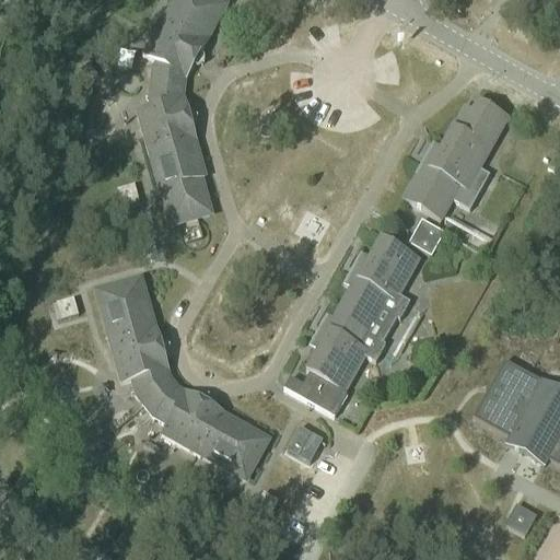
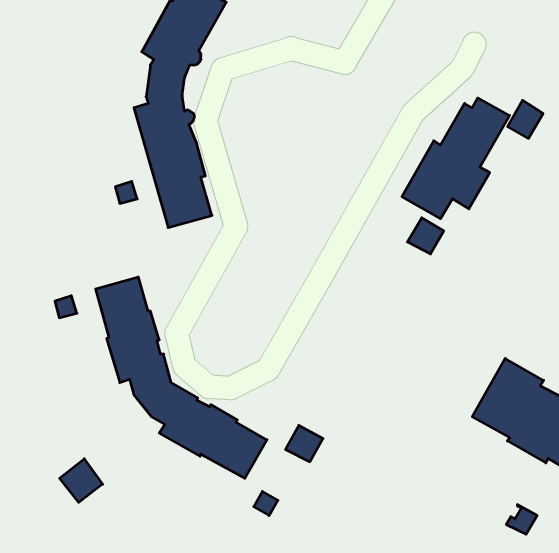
building: none -> [508,100,543,138]
building: [283,234,420,415] -> none
building: none -> [60,459,103,502]

